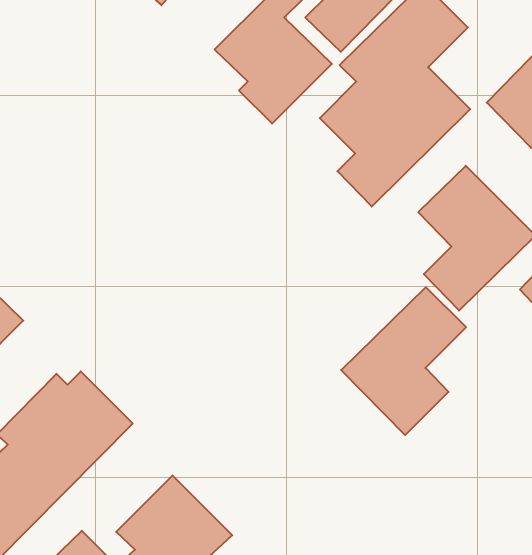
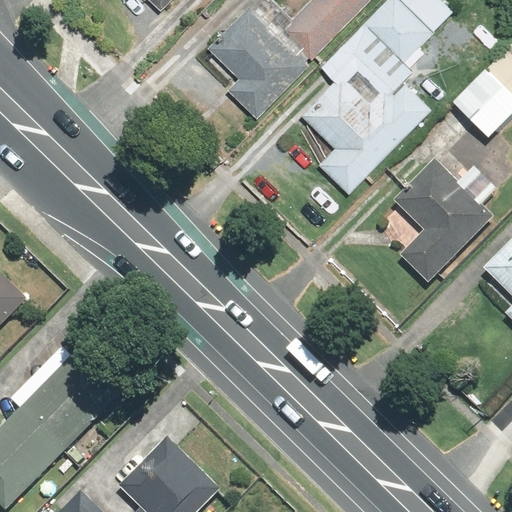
building: [341,287,466,435] -> none

